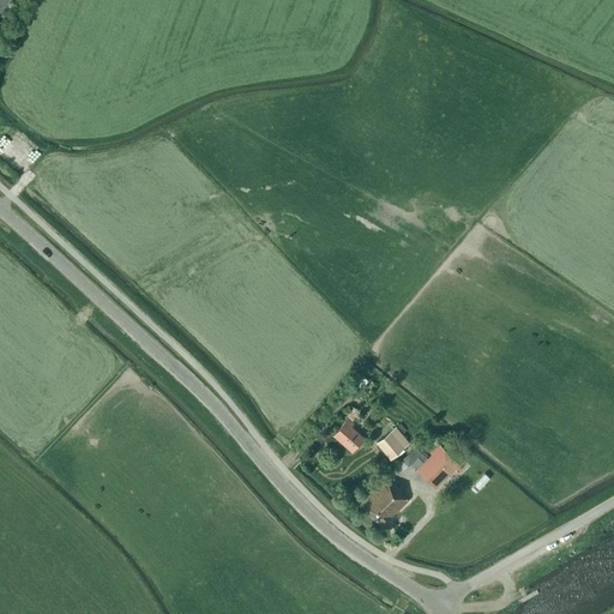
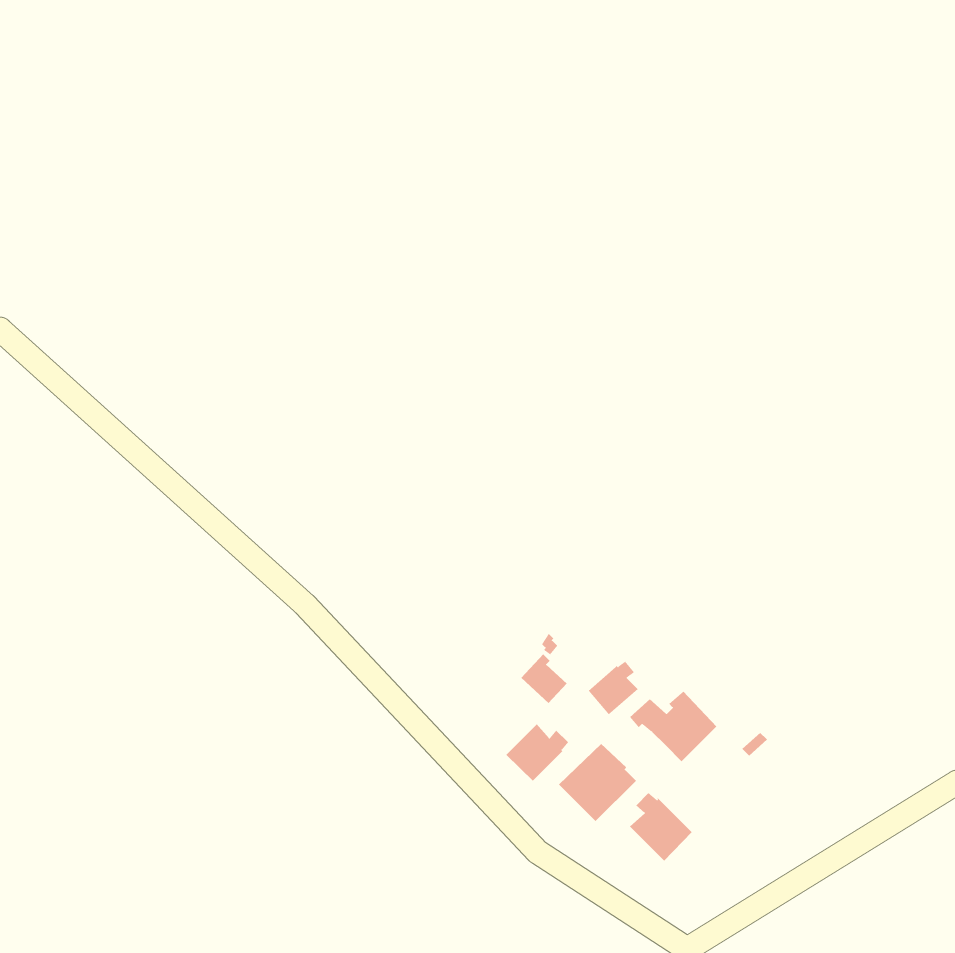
building: none -> [505,724,569,782]
building: none -> [629,792,692,862]

